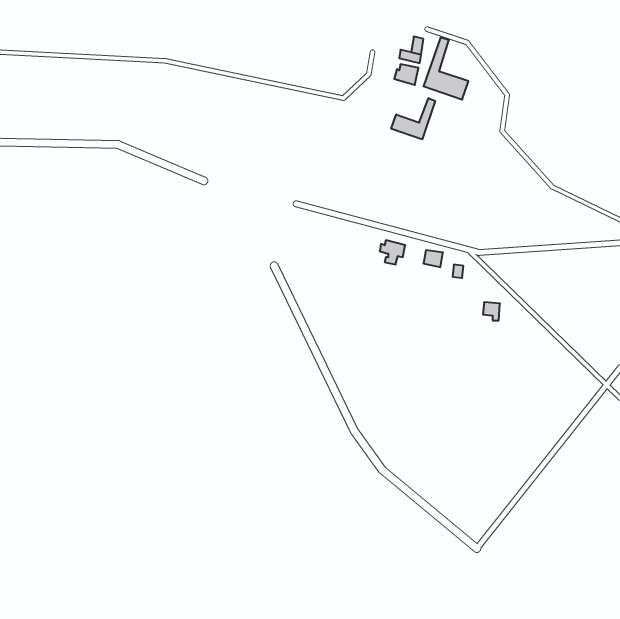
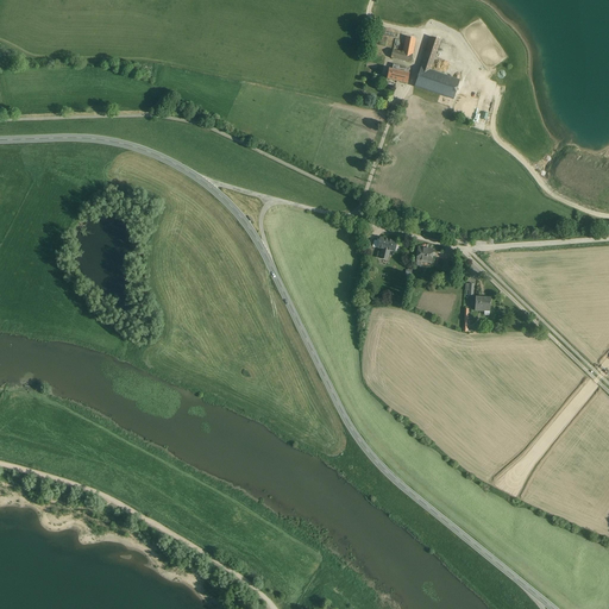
building: [391,98,435,139] -> none

